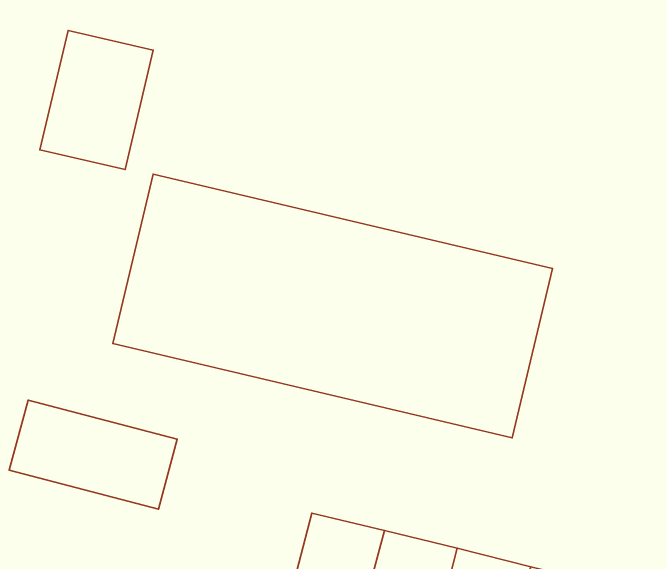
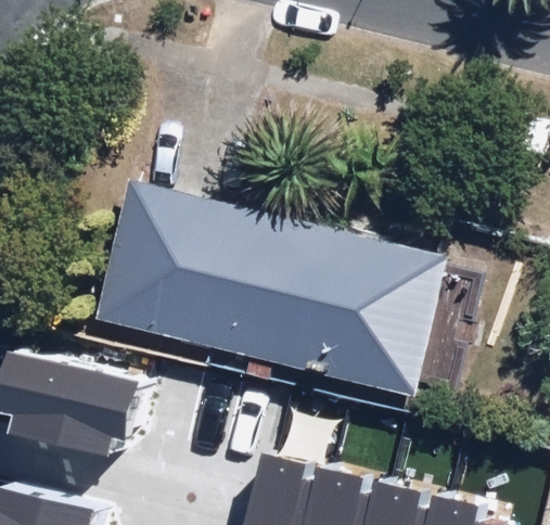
building: [40,30,153,169] -> none

